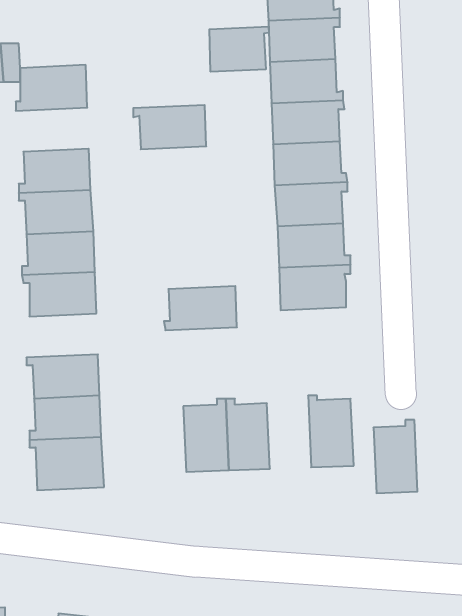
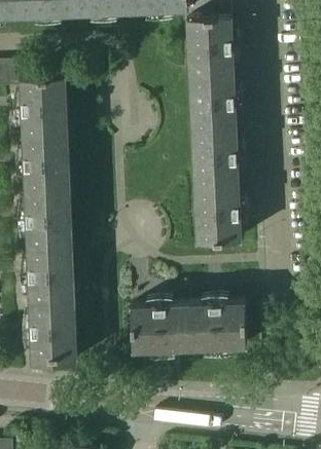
building: [209,26,269,72] -> none
building: [133,105,206,149] -> [16,104,66,134]
building: [164,286,237,330] -> [23,242,72,272]
building: [373,420,417,493] -> [186,298,216,347]

